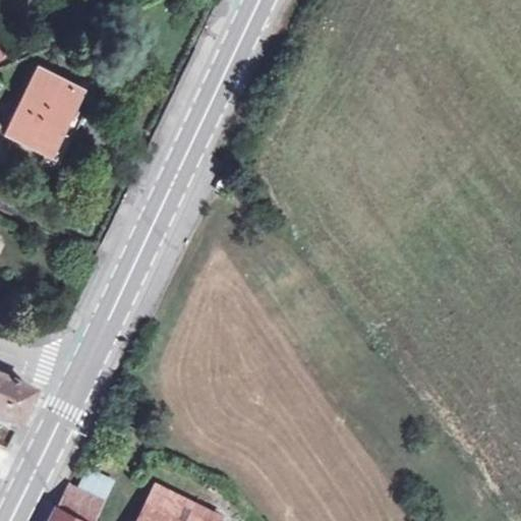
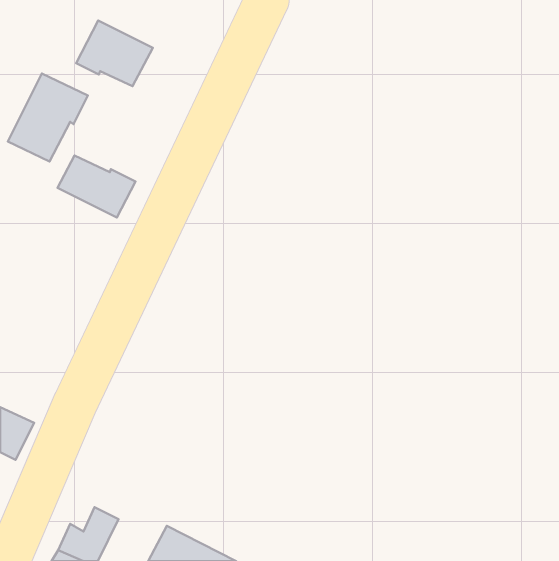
building: none -> [76,21,153,86]
building: none -> [57,155,136,217]

